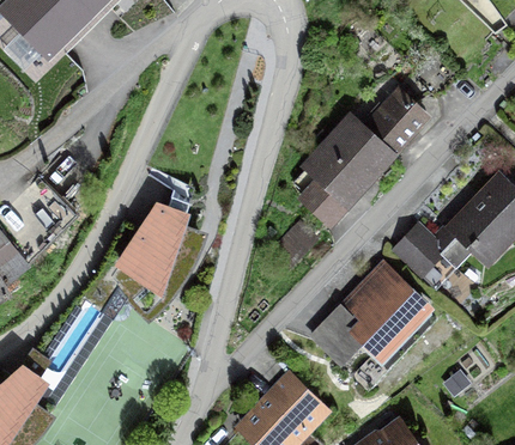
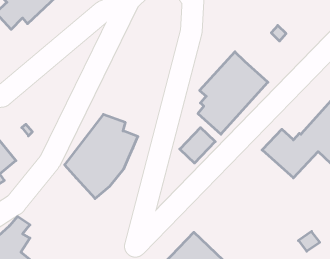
building: [363,84,431,152] -> none
building: [308,258,435,372] -> none

